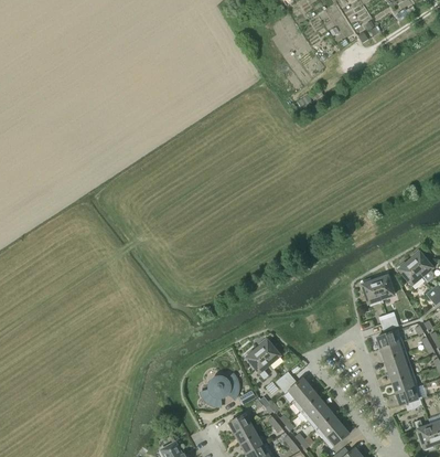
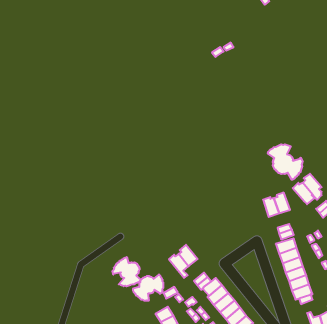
building: none -> [268,144,303,180]
building: none -> [112,257,141,286]

